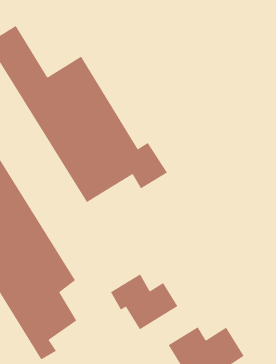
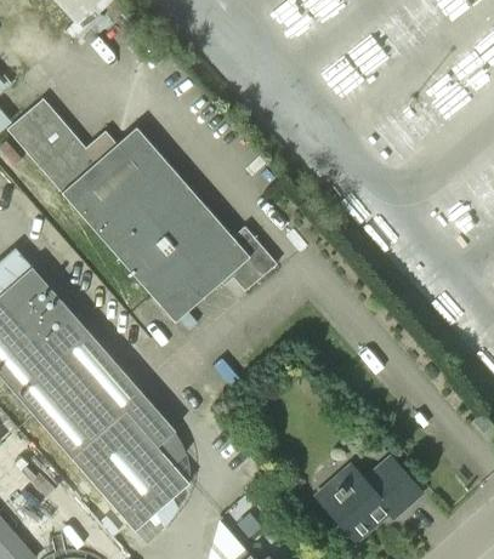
building: [110,274,178,330] -> none

